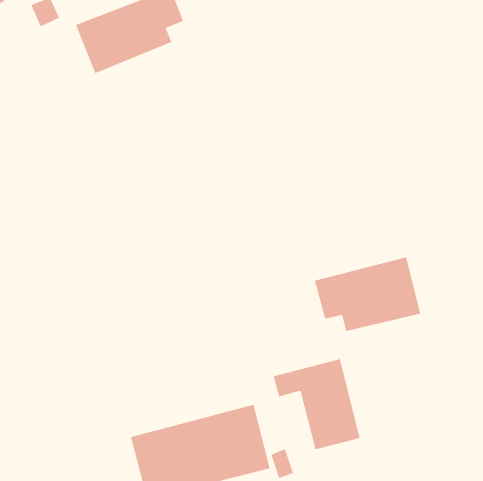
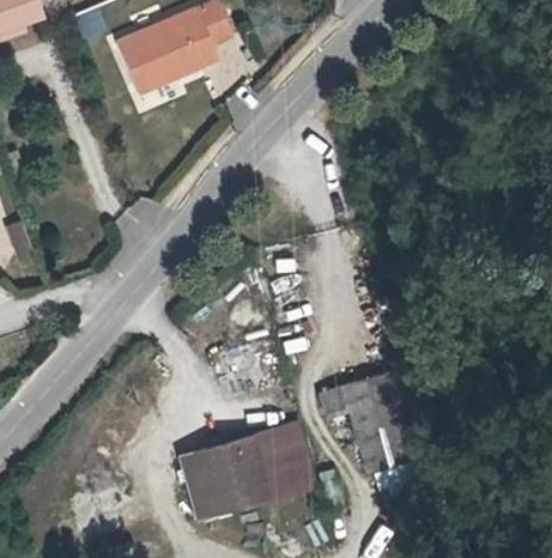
building: [314,256,421,332] -> none

